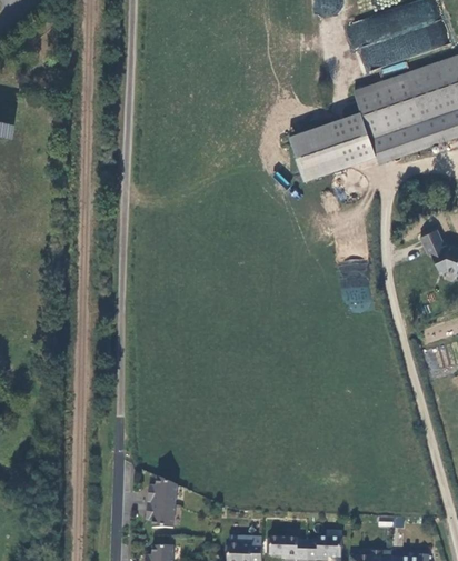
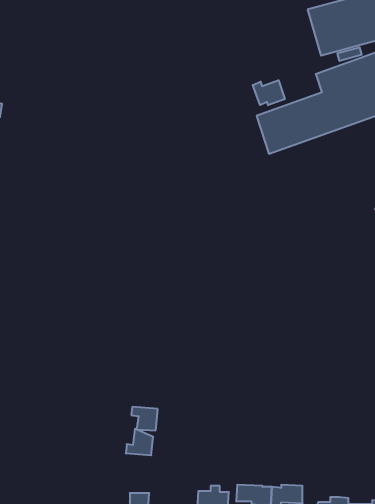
building: none -> [253,80,285,105]
building: [147,504,176,530] -> [131,407,158,430]

